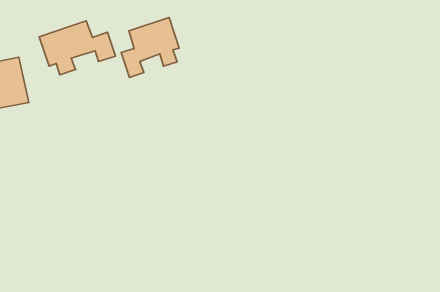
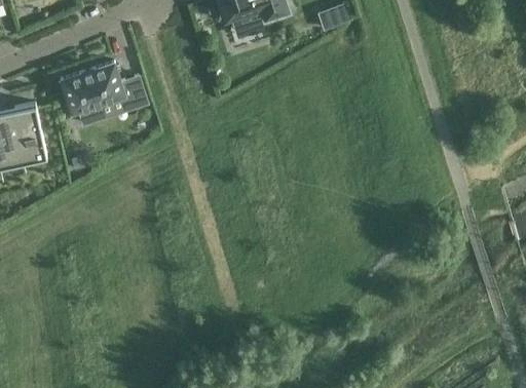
building: [121,18,179,78] -> none

